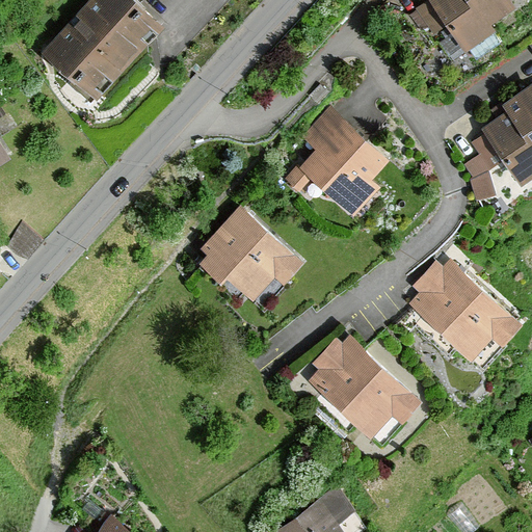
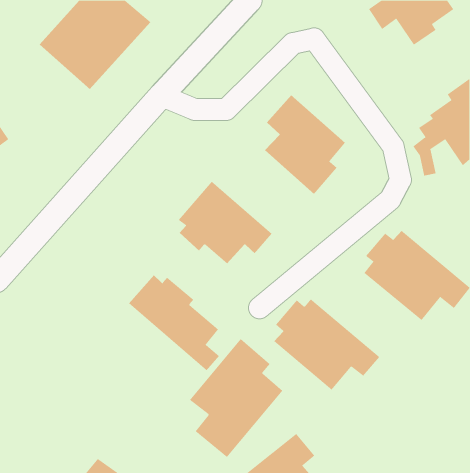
building: none -> [128,274,220,371]
building: none -> [189,338,283,458]

